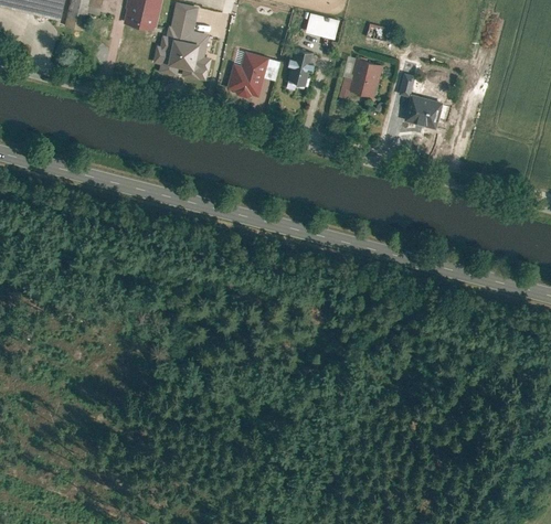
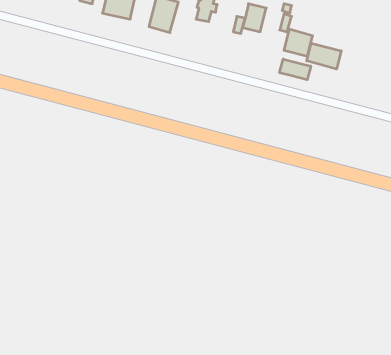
building: none -> [307,43,341,69]
building: none -> [280,59,311,80]

